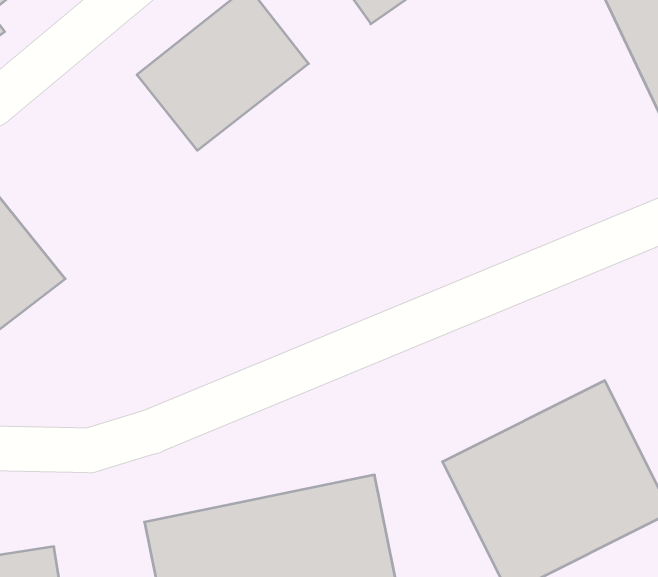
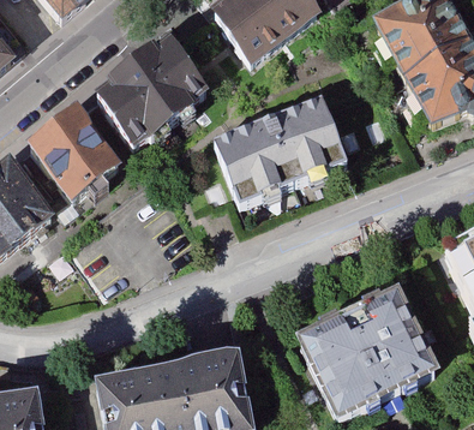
building: none -> [211,97,336,195]
building: none -> [24,109,114,201]

